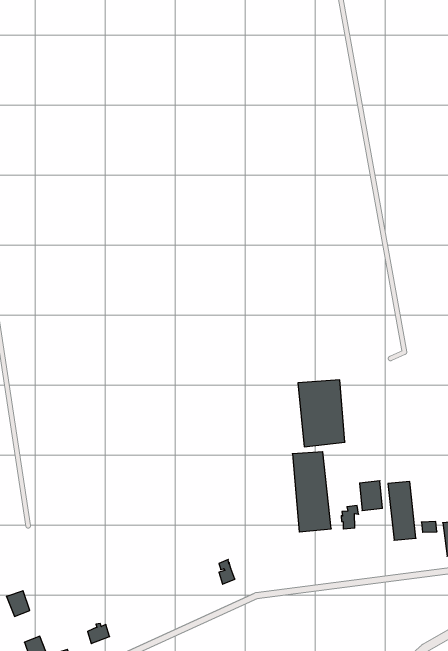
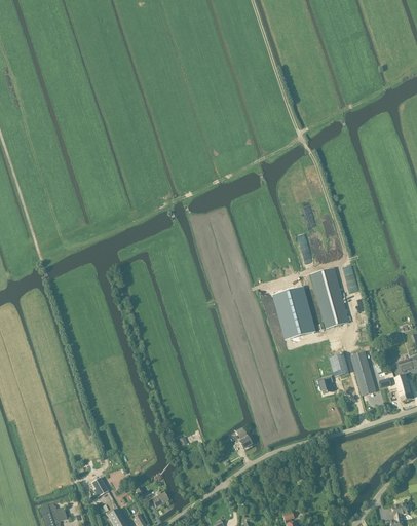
building: [292,452,331,532] -> [311,268,348,329]

